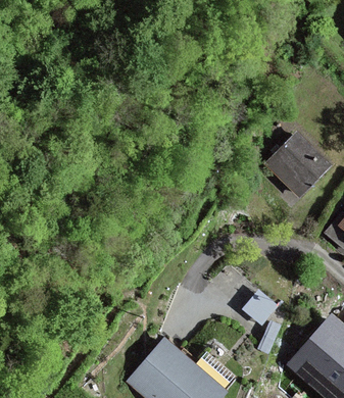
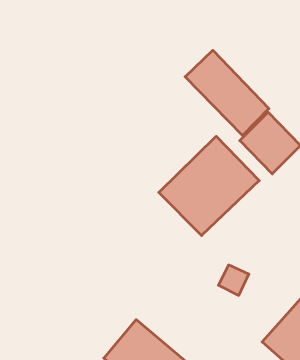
building: none -> [185,50,269,135]
building: none -> [159,136,259,236]

